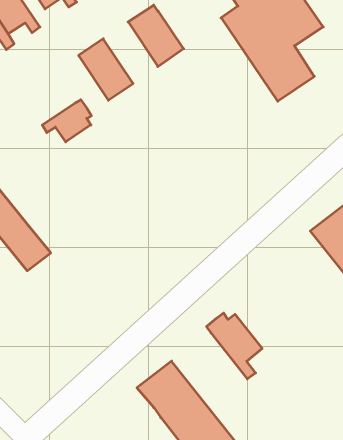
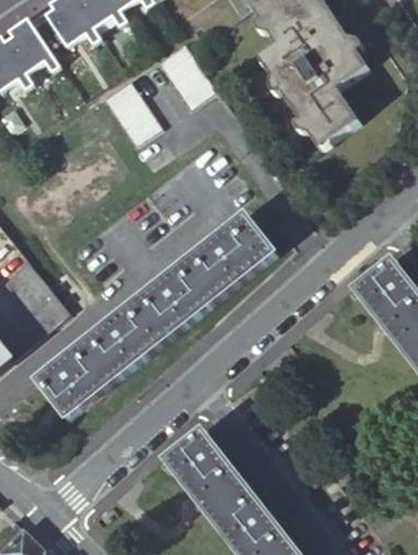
building: [42,100,91,142] -> none
building: none -> [36,214,274,416]
building: [207,313,262,379] -> none

